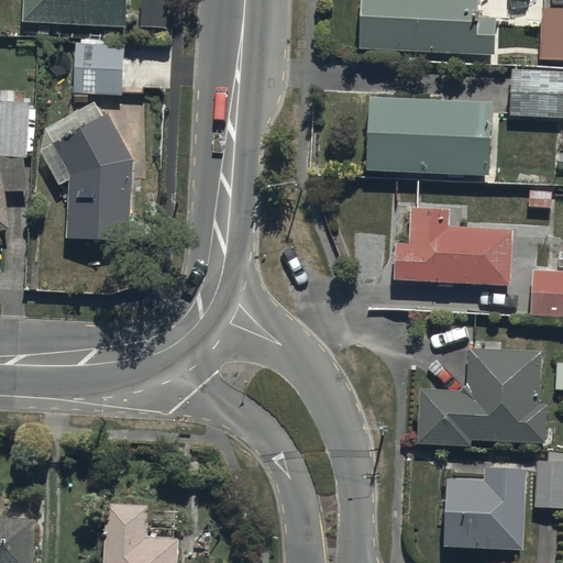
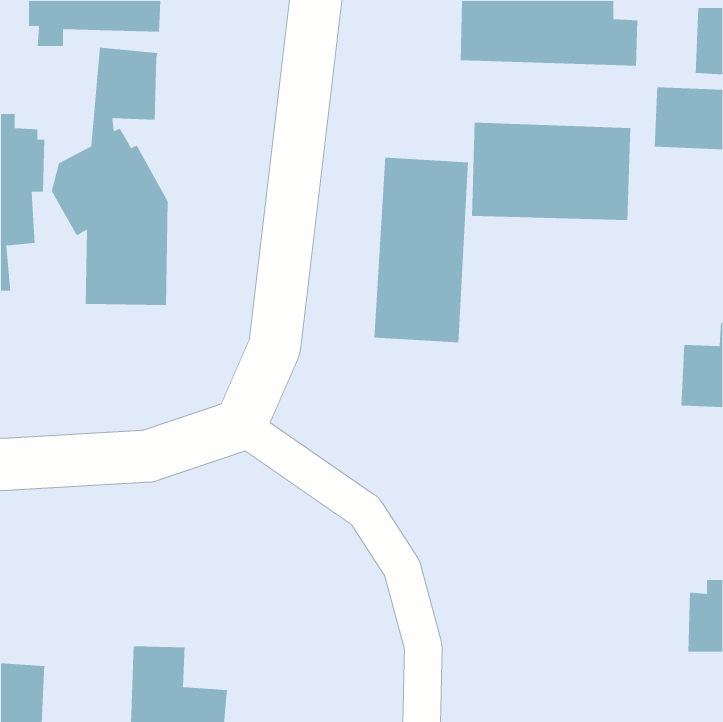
building: none -> [374,157,469,343]
building: [395,205,512,284] -> none
building: [416,350,547,444] -> none
building: [443,466,526,548] -> none

